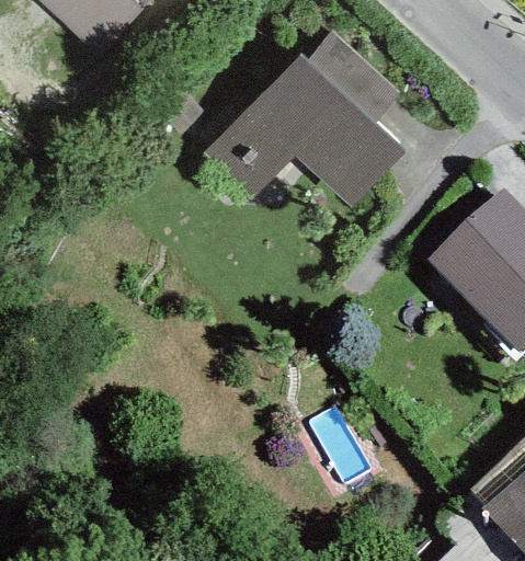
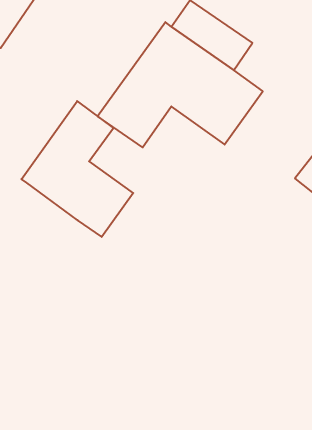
building: none -> [21,101,133,237]

